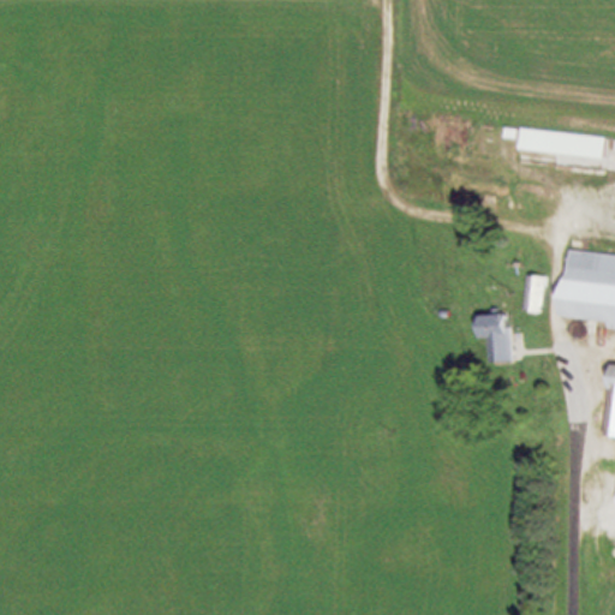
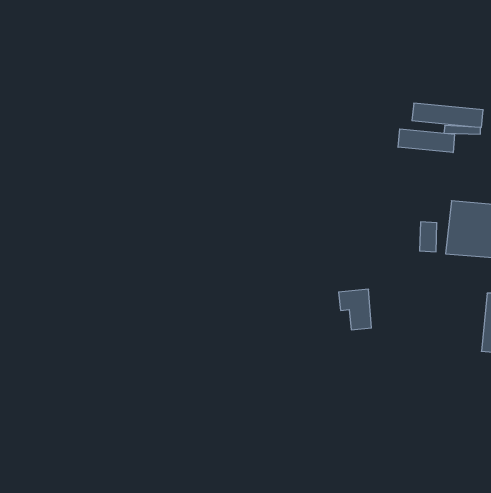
building: none -> [398,129,455,153]
building: [473,314,514,364] -> [339,289,371,330]

